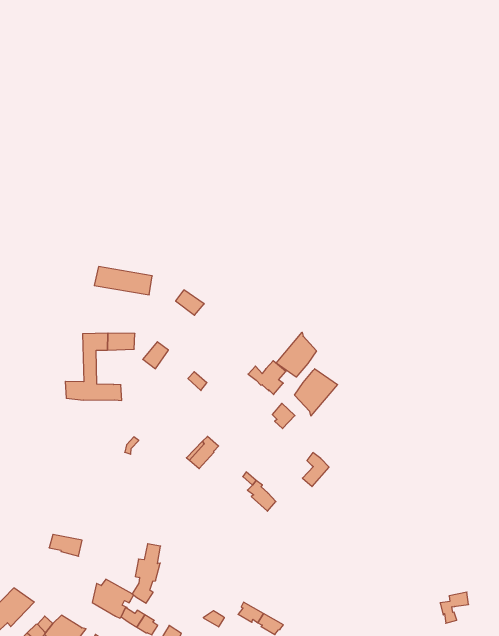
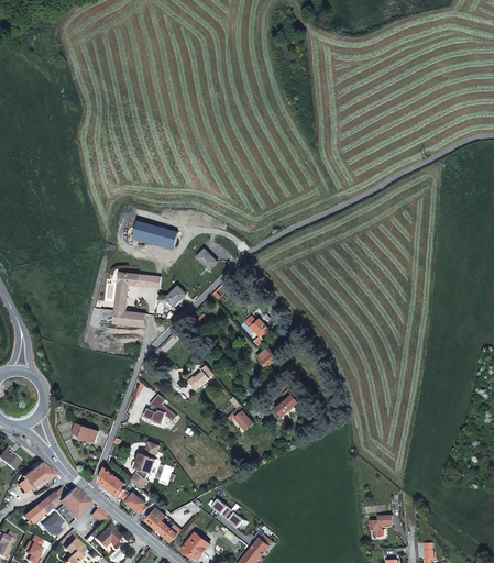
building: [276,332,316,377] -> none
building: [295,369,338,416] -> none
building: none -> [143,394,176,423]

